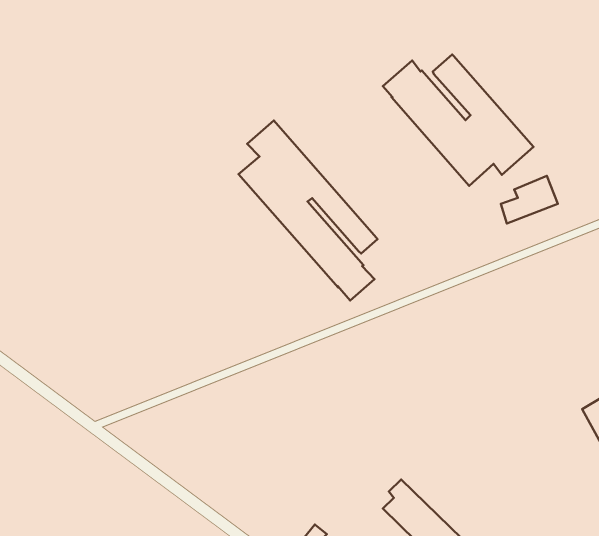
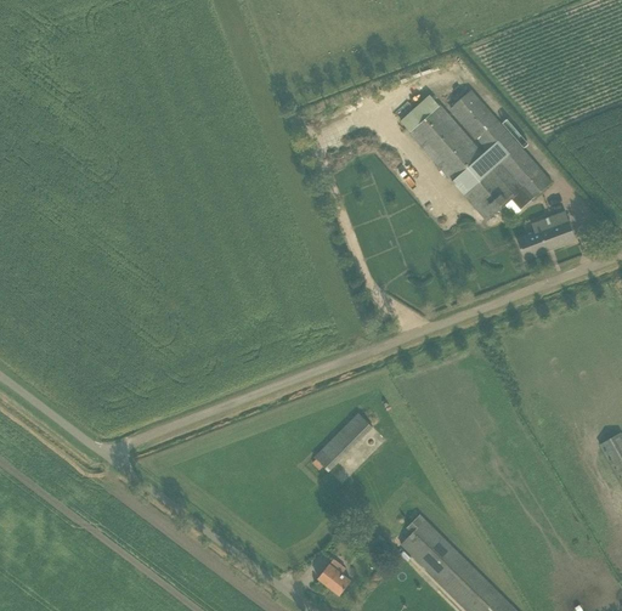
building: [238,121,378,300] -> none
building: none -> [316,412,373,468]

